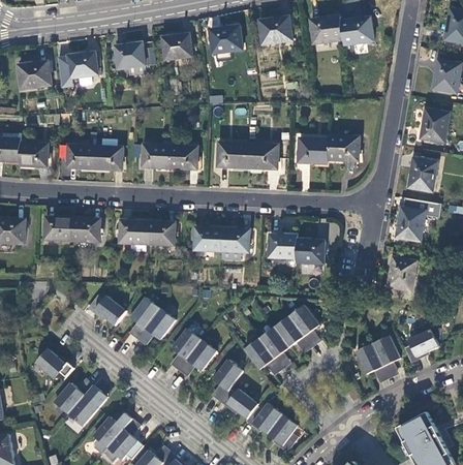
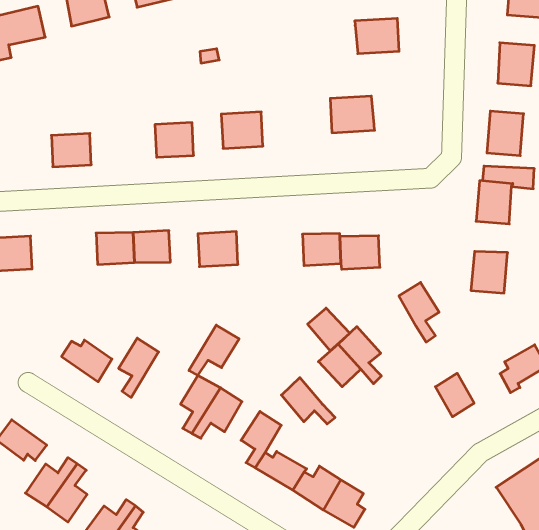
building: [329,135,360,160] -> [355,18,399,54]
building: [247,143,278,168] -> none
building: [144,144,171,168] -> none
building: [67,145,95,168] -> none
building: [72,217,100,242] -> none
building: [221,227,249,252] -> none
building: [135,309,174,344] -> [189,325,239,376]
building: [258,327,288,358] -> [308,308,350,351]
building: [372,336,400,379] -> [399,282,439,342]

